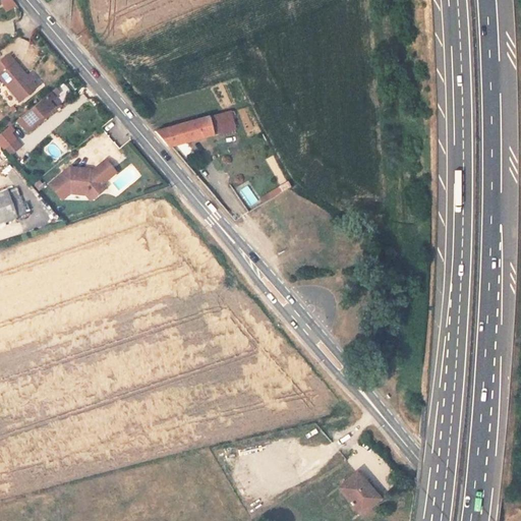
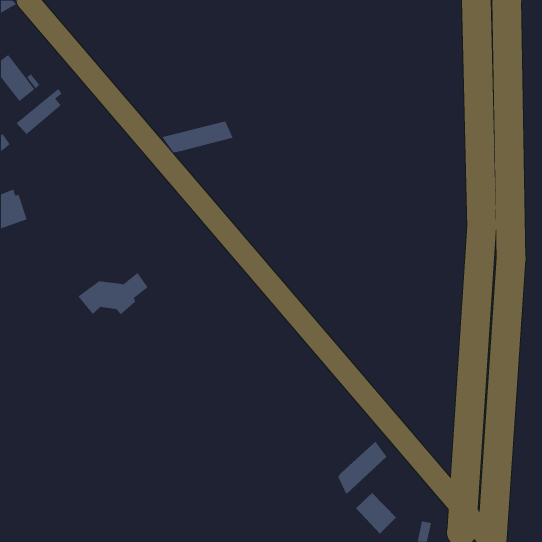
building: [51,161,119,201] -> [78,272,149,315]
building: none -> [337,441,387,495]

